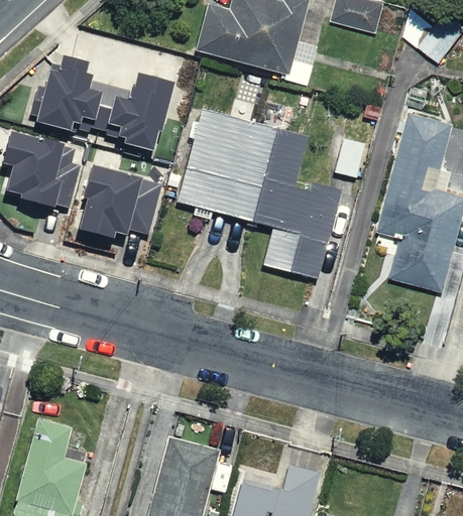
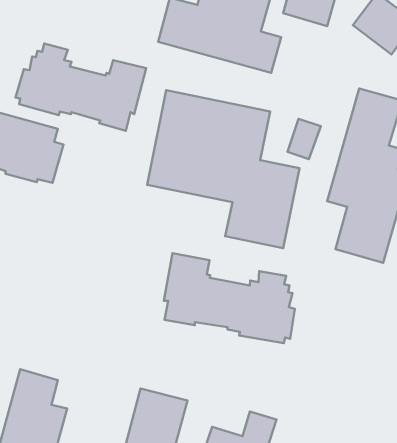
building: [80,165,166,240] -> none
building: none -> [164,253,295,343]

